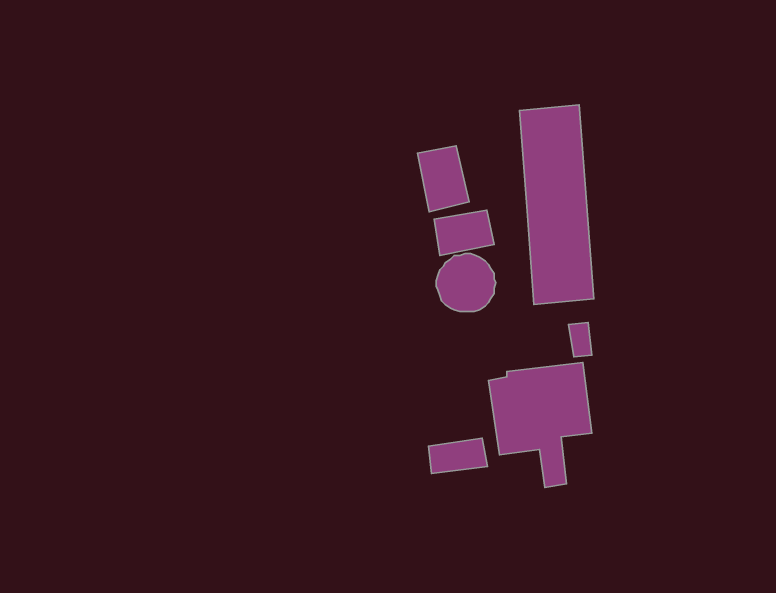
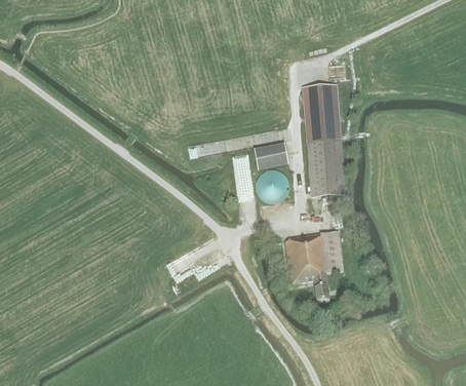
building: [417,146,469,212] -> none
building: [428,438,487,474] -> none

